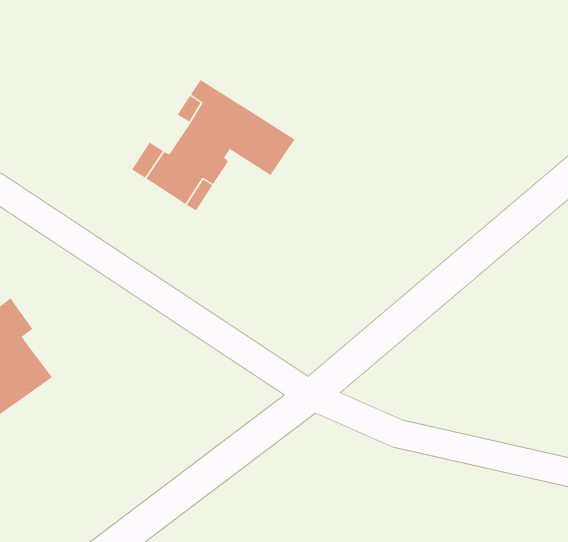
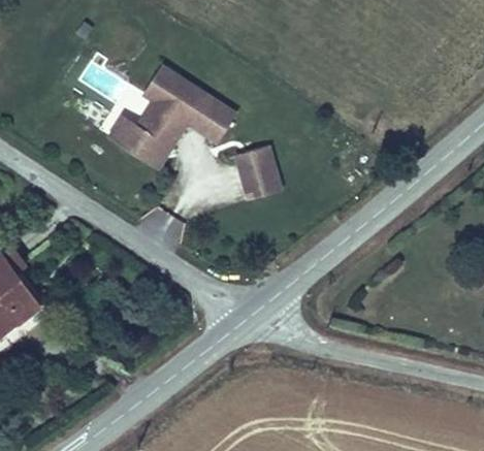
building: none -> [234,147,281,200]

